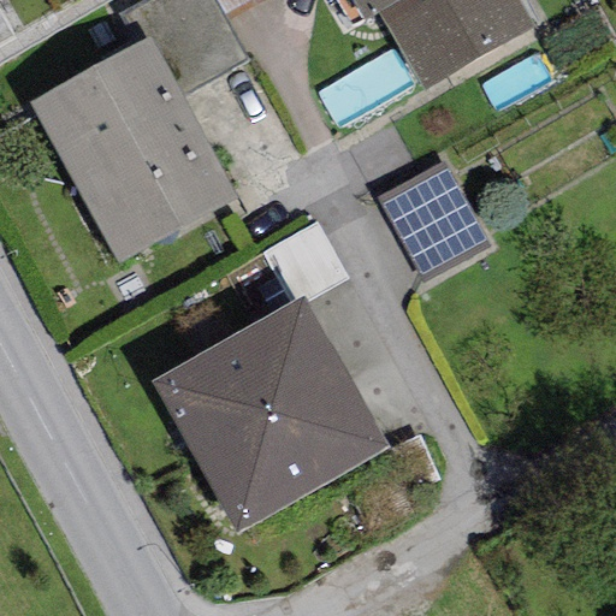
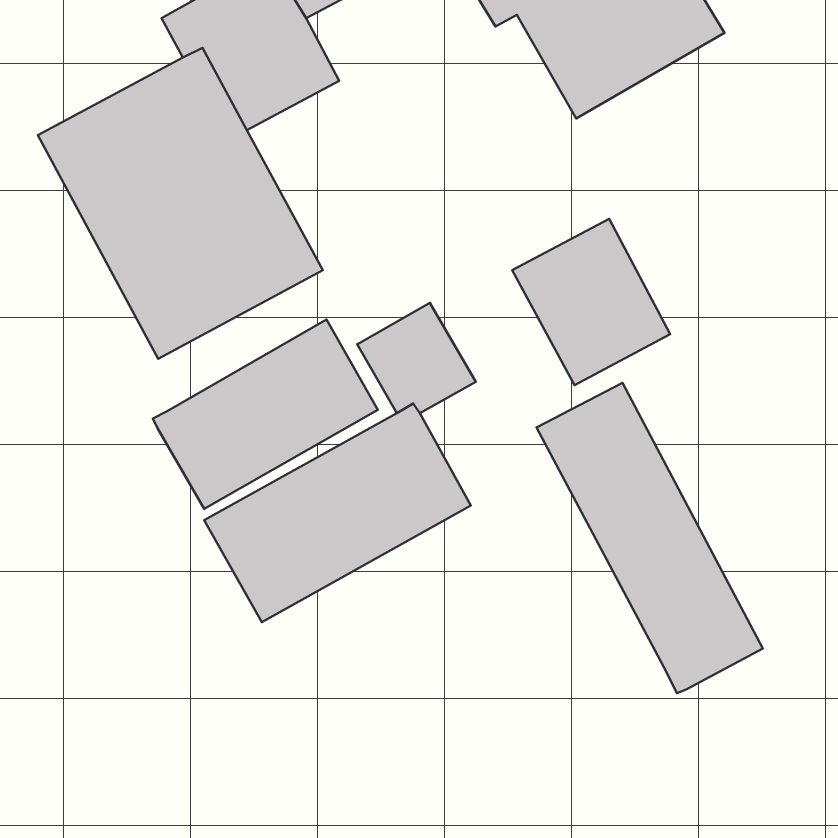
building: none -> [153,319,378,509]
building: none -> [537,383,763,693]
building: [194,369,390,531] -> none

